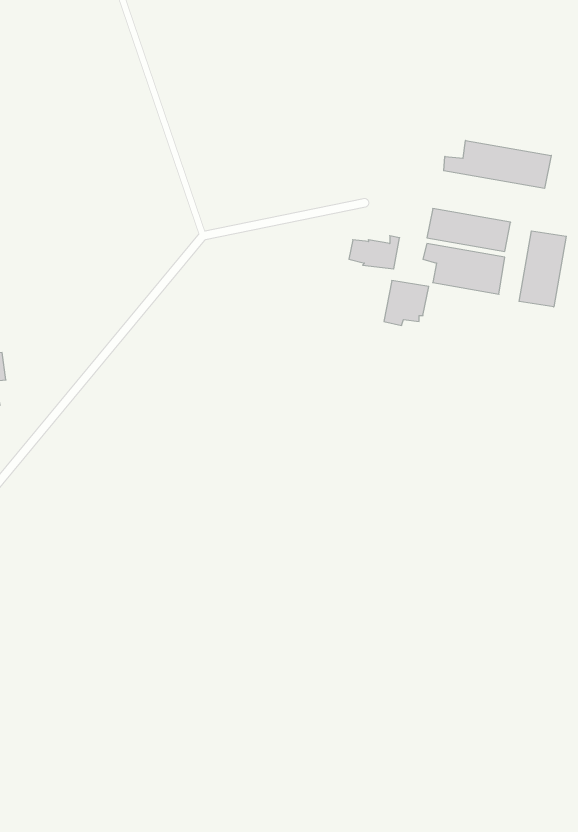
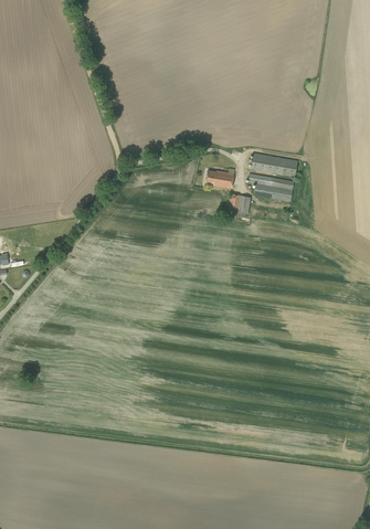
building: [444,140,551,188] -> none
building: [519,231,566,307] -> none

